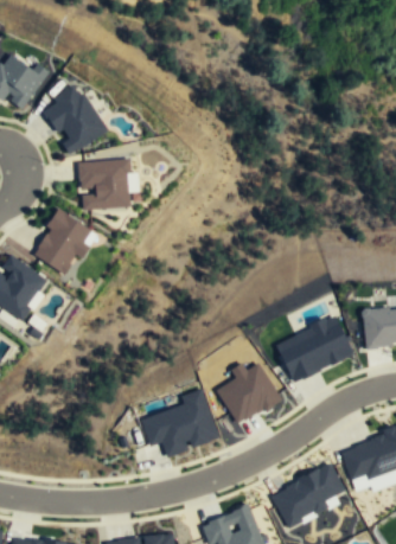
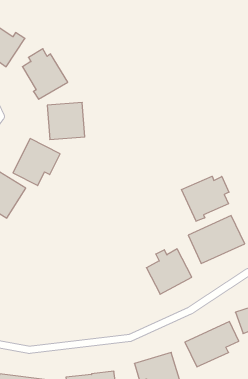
building: none -> [182,176,229,221]
building: [140,389,218,457] -> none

